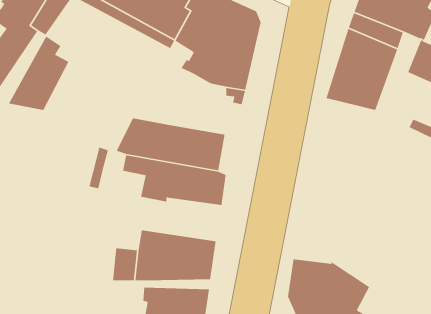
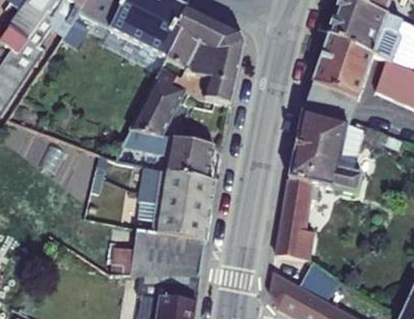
building: [8,36,70,111] -> [129,67,185,134]
building: none -> [274,111,366,259]
building: none -> [137,201,210,239]

